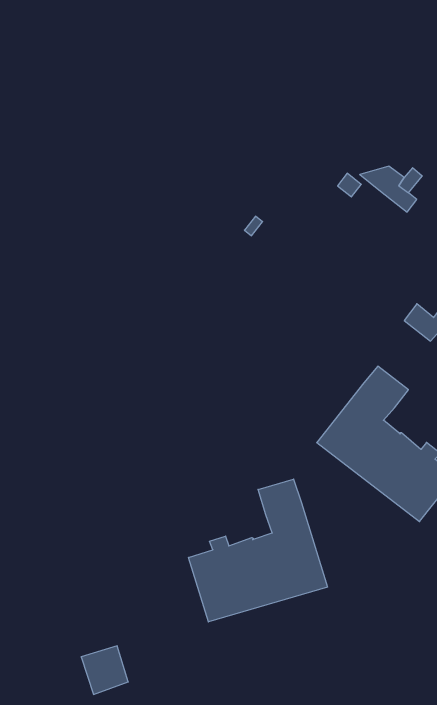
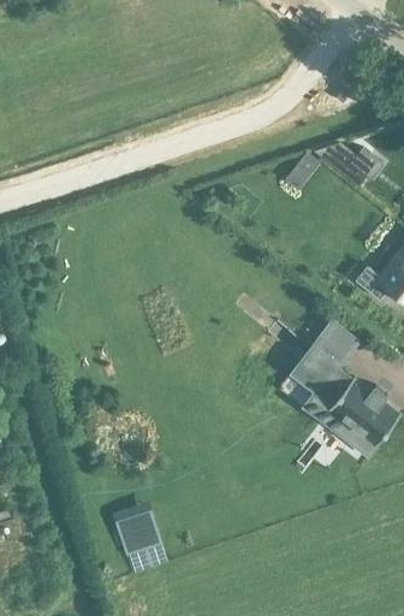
building: [189,479,328,622] -> none
building: [81,646,128,694] -> [117,511,158,553]

